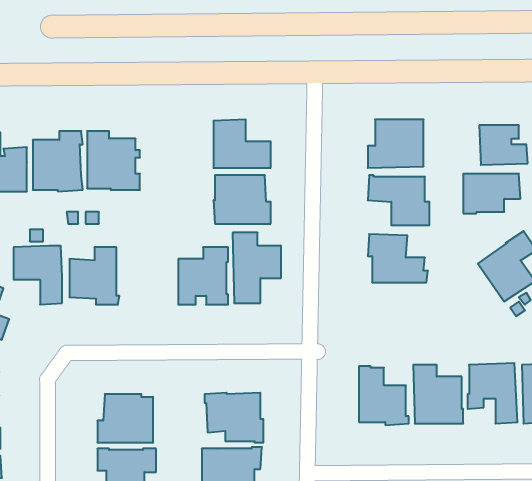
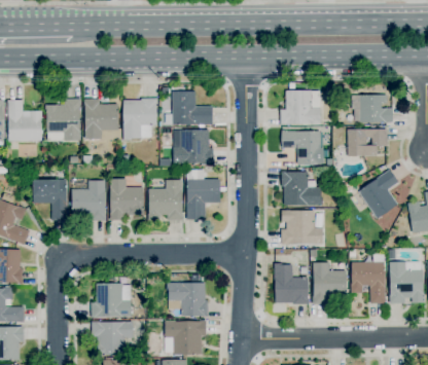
building: none -> [123,98,157,140]
building: none -> [110,178,144,220]
building: none -> [281,209,323,244]

